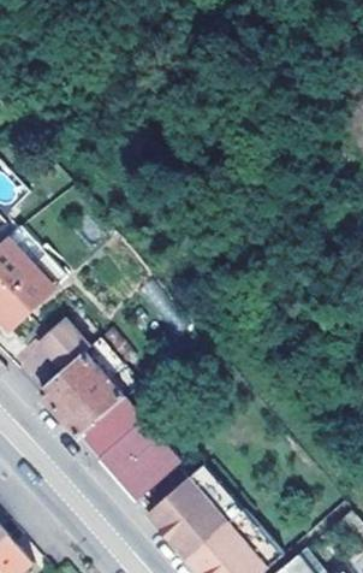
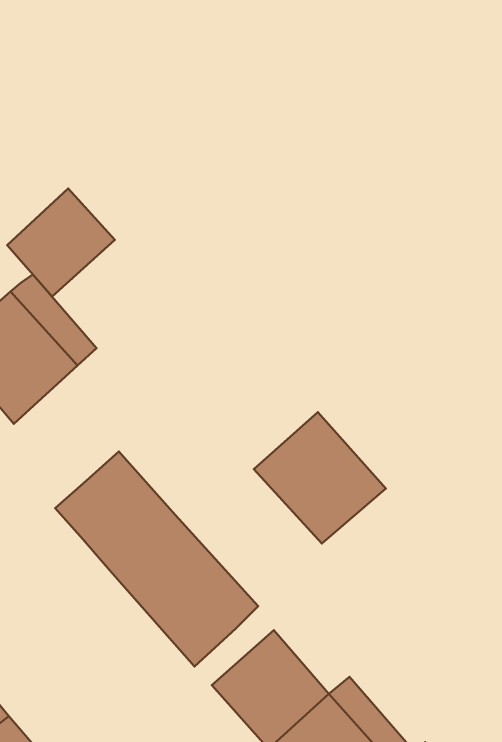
building: none -> [7,188,115,296]
building: [38,319,89,370] -> none
building: none -> [254,412,386,544]

